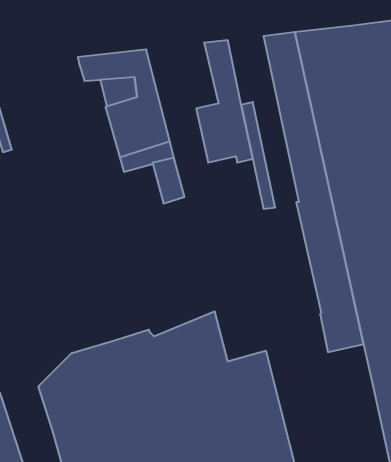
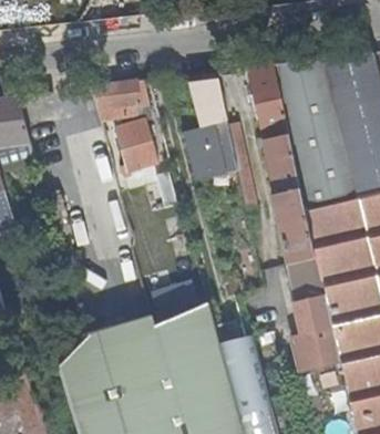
building: none -> [291,328,338,371]

